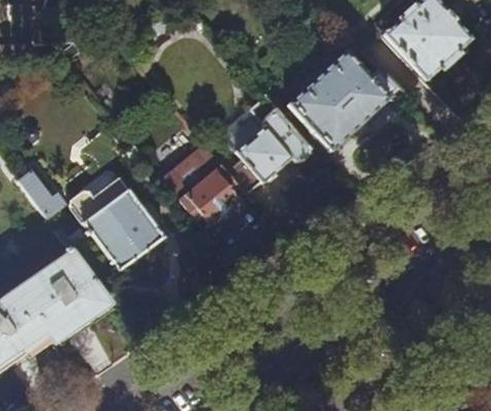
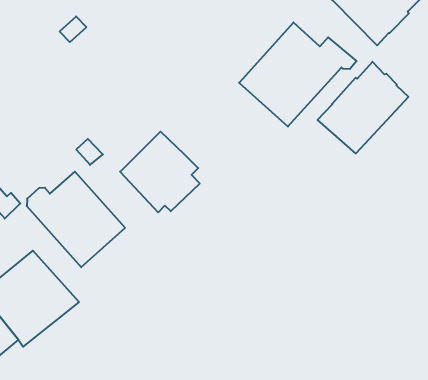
building: none -> [318,62,408,153]
building: [220,96,312,192] -> none

